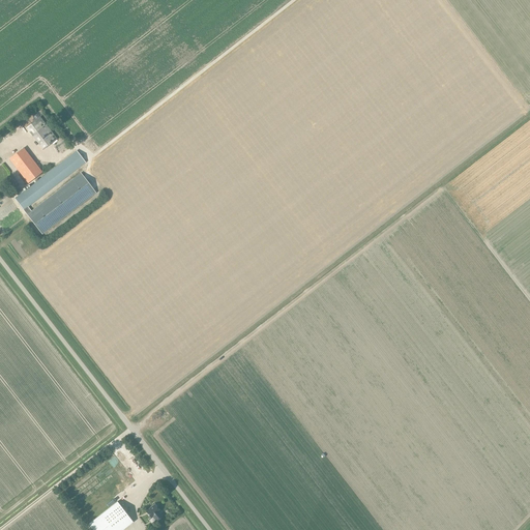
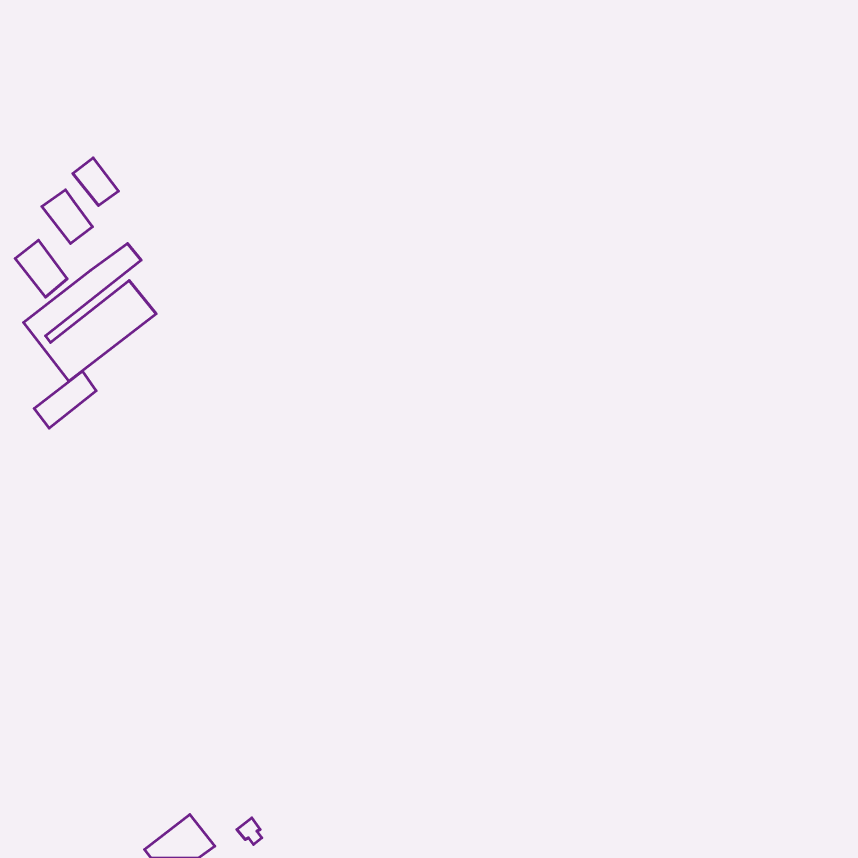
building: none -> [73,158,119,205]
building: none -> [34,371,96,428]

